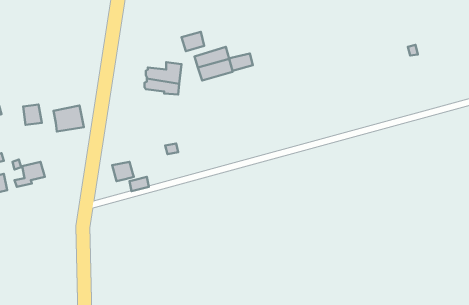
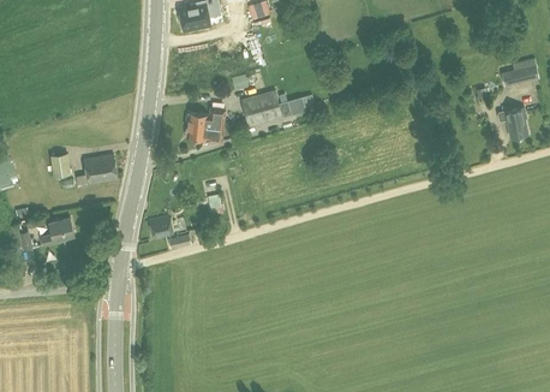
building: none -> [502,58,538,85]
building: none -> [498,105,528,137]

